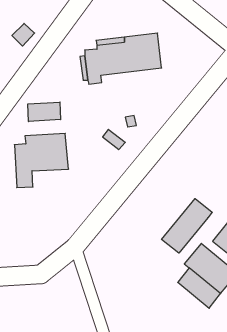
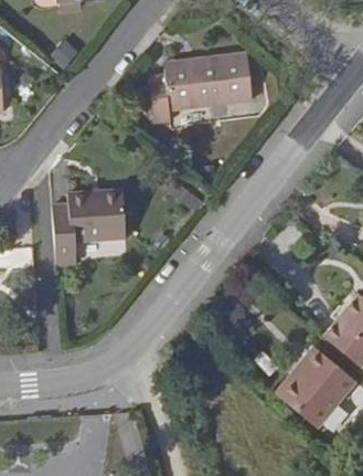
building: [28,102,61,122] -> none
building: [162,199,212,253] -> none

